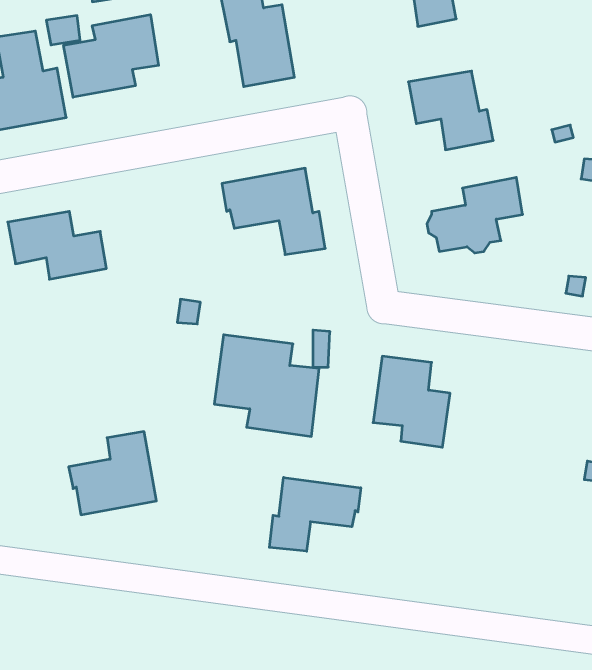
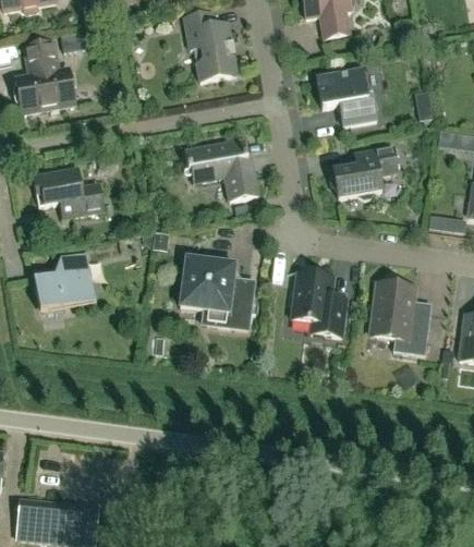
building: [64,15,159,97] -> none
building: none -> [370,282,430,354]
building: [69,432,156,515] -> [34,252,96,311]
building: [269,477,361,551] -> none

